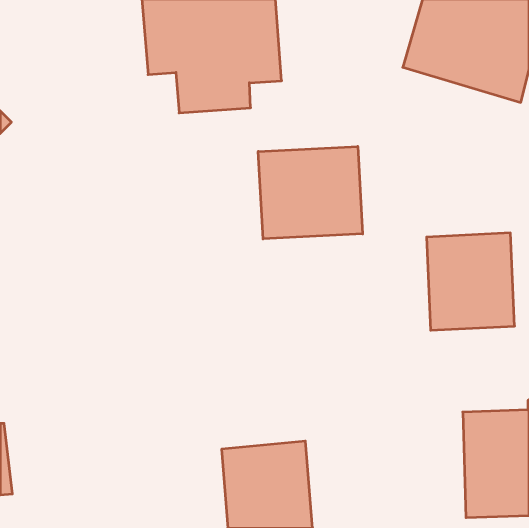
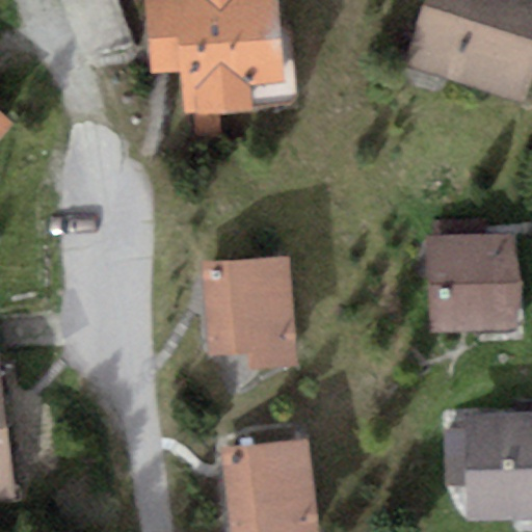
building: [258,146,363,239] -> none
building: none -> [204,257,295,368]

